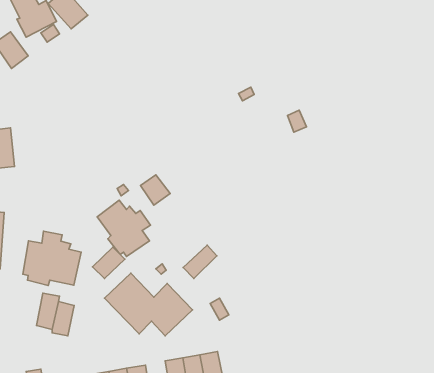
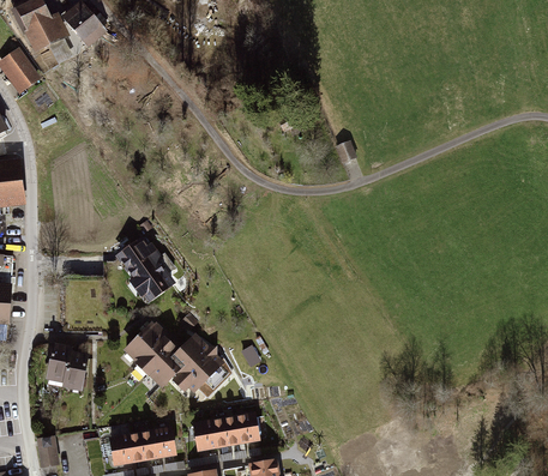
building: [140,175,170,205] -> none
building: [23,231,81,285] -> none
building: [183,245,217,278] -> none
building: [92,247,125,279] -> none

